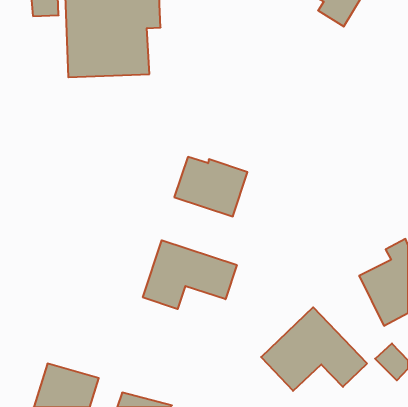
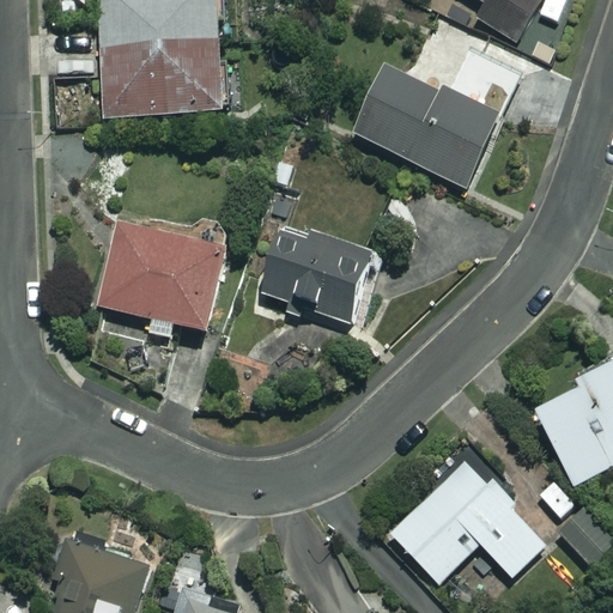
building: none -> [353,50,516,187]
building: none -> [97,223,226,338]
building: [143,240,237,309] -> none

